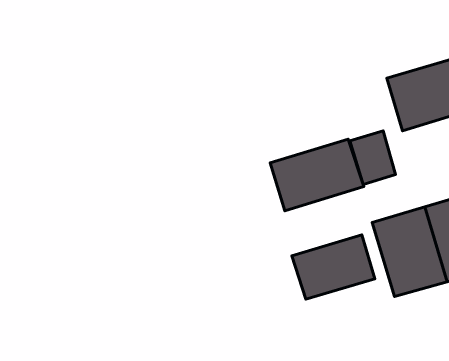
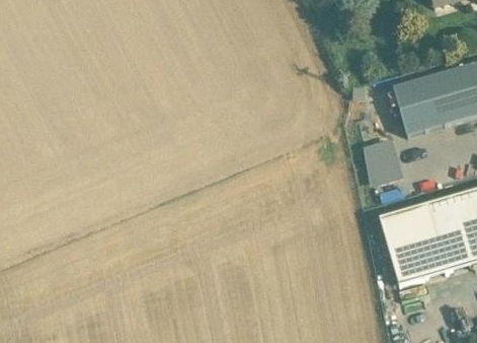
building: [270,139,364,211] -> none
building: [292,235,375,299] -> none

